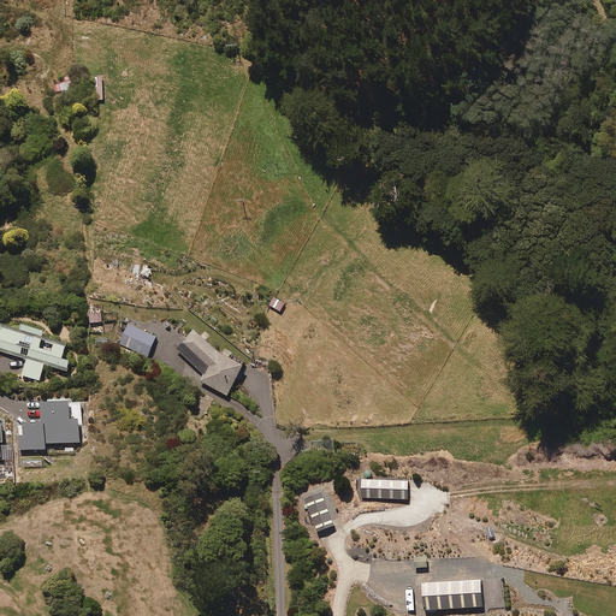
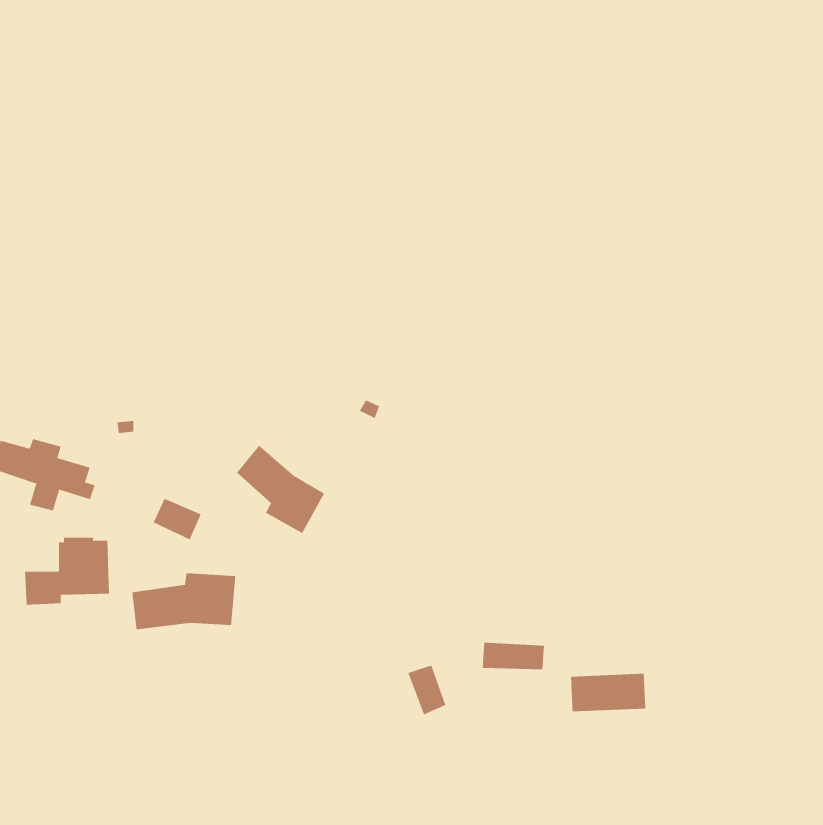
building: [118,325,154,356] -> [153,498,201,540]
building: none -> [132,572,236,630]
building: [424,580,480,609] -> [570,673,646,712]

